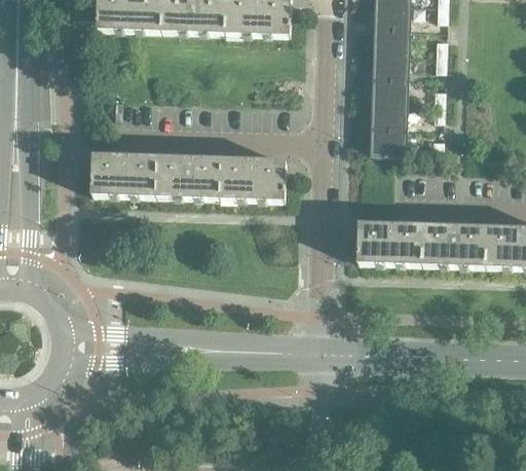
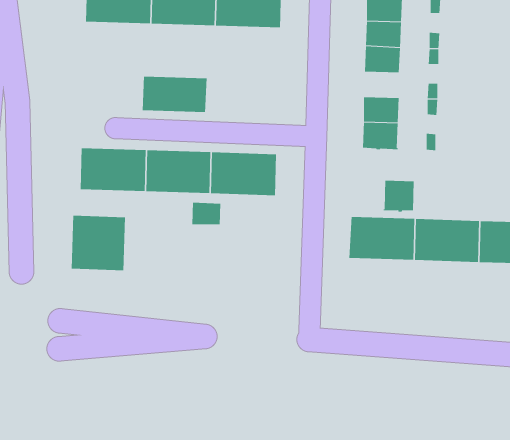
building: [371,77,407,103] -> none
building: none -> [142,76,207,113]
building: none -> [383,180,414,212]
building: none -> [192,202,221,225]
building: none -> [71,215,125,271]

